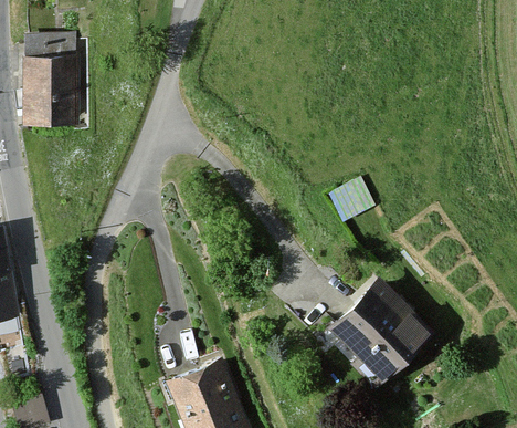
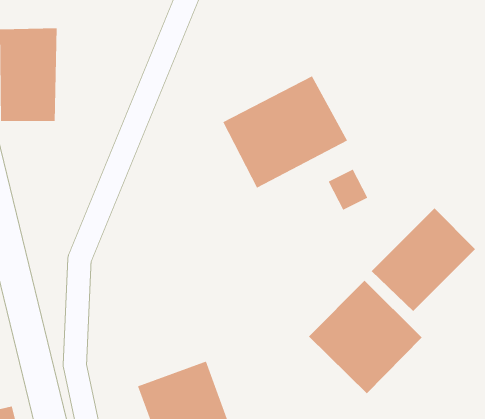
building: none -> [223,75,348,188]
building: none -> [371,207,476,312]

